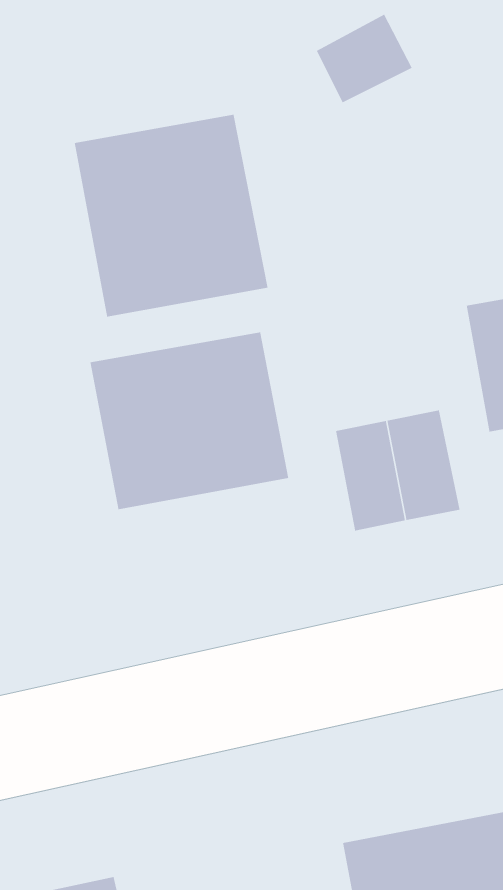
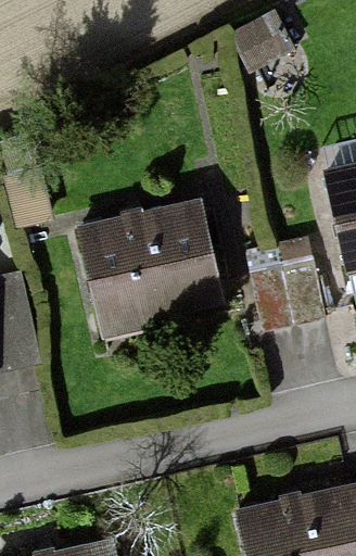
building: [74,114,269,317] -> none

